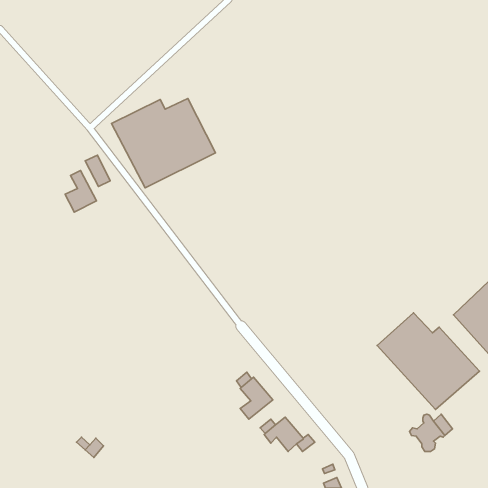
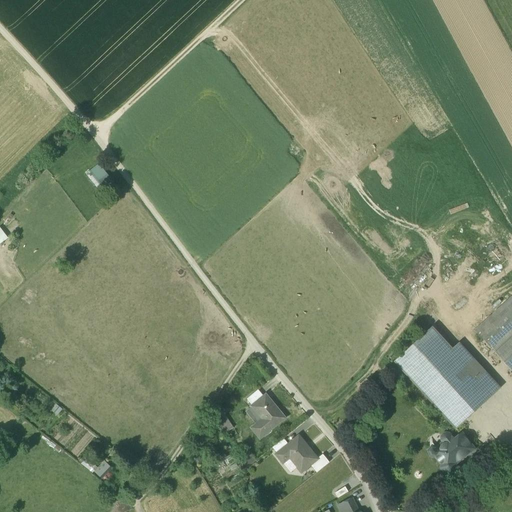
building: [112,99,216,188] -> none
building: [65,170,96,212] -> none

